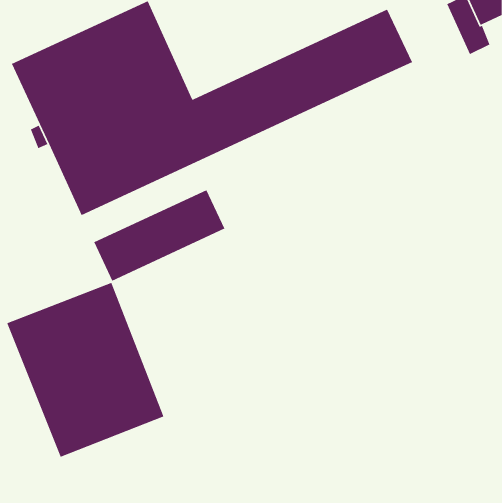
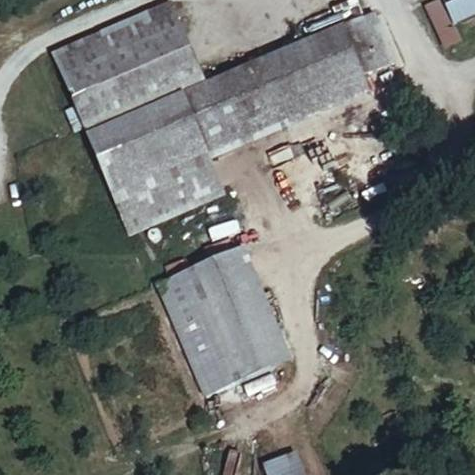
building: none -> [110,77,369,214]
building: [6,282,165,458] -> [154,235,289,385]

